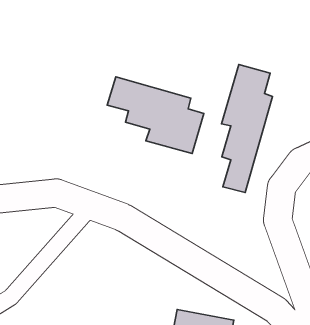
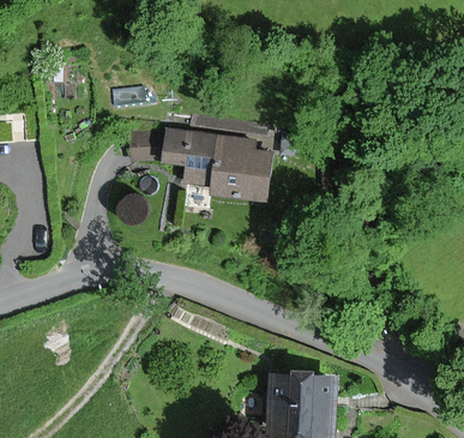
building: [221,65,273,192] -> none

